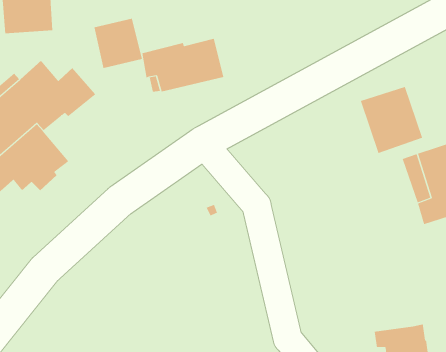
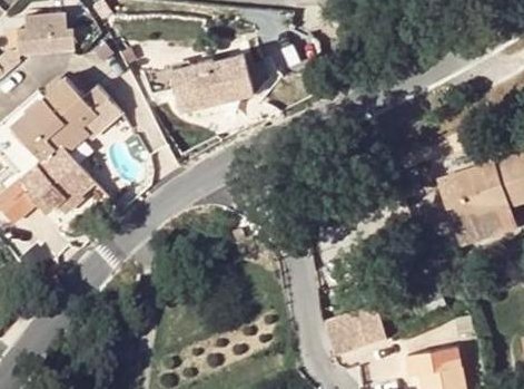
building: [94,18,142,69] -> none
building: [360,86,423,154] -> none
building: none -> [324,307,386,356]

